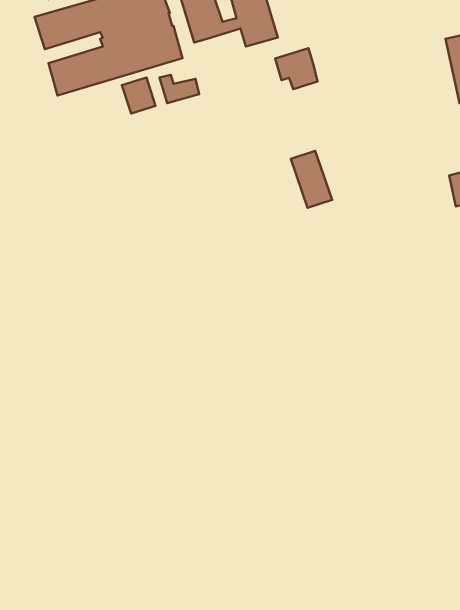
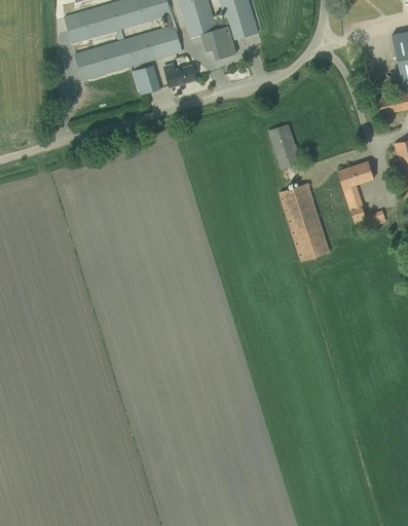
building: [275,48,318,89] -> [201,26,235,59]
building: none -> [337,160,374,230]
building: none -> [280,183,329,260]

